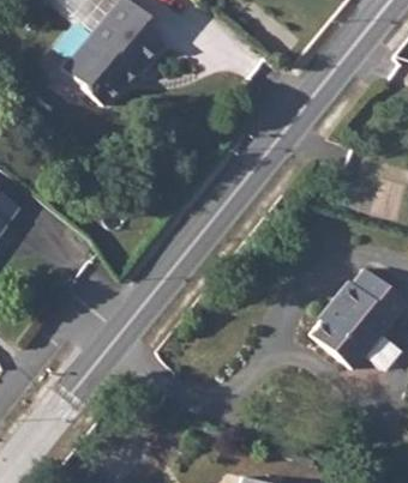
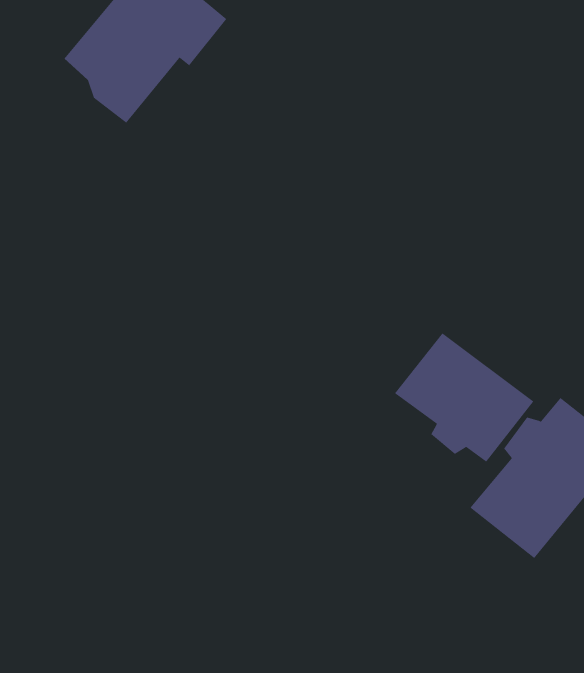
building: none -> [394,332,534,462]

